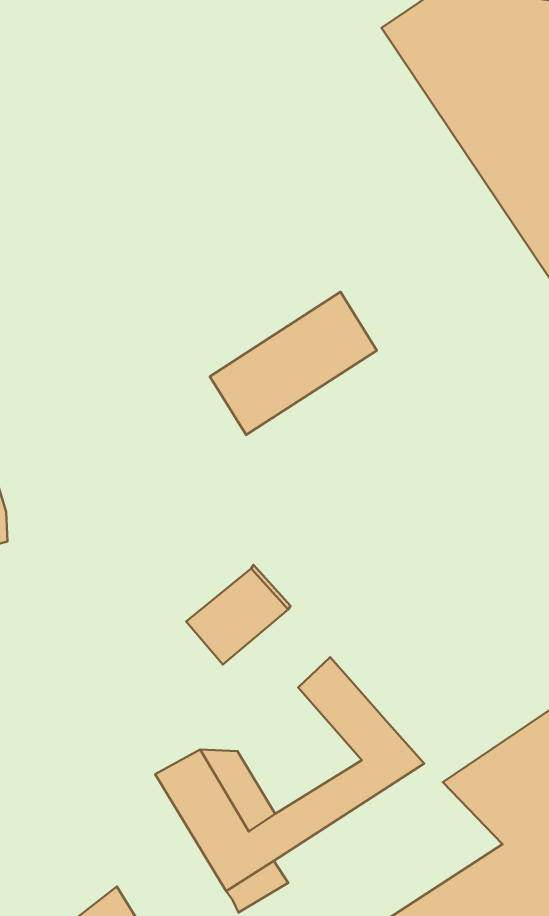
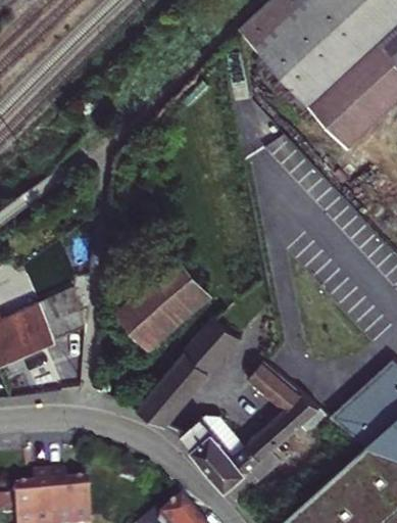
building: [210,292,377,435] -> [119,260,204,342]
building: none -> [136,354,208,427]

